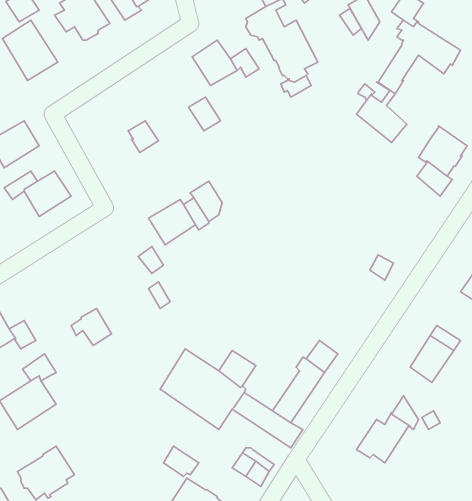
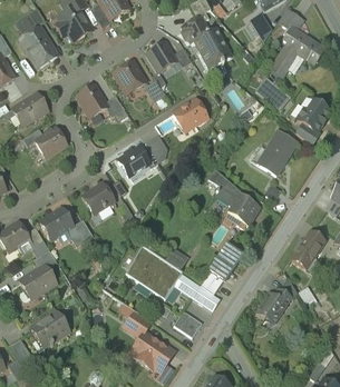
building: none -> [113,60,146,93]
building: none -> [76,85,107,117]
building: none -> [172,98,207,131]
building: none -> [256,129,297,175]
building: none -> [207,169,256,225]
building: none -> [81,182,114,214]
building: none -> [39,207,72,239]

